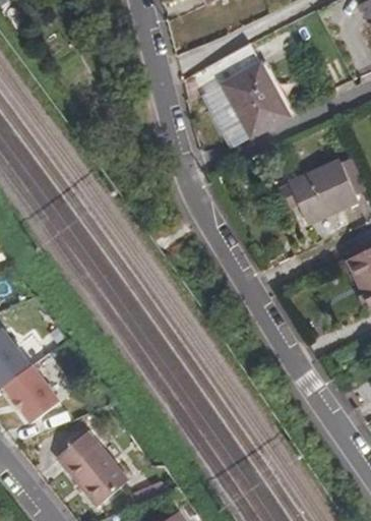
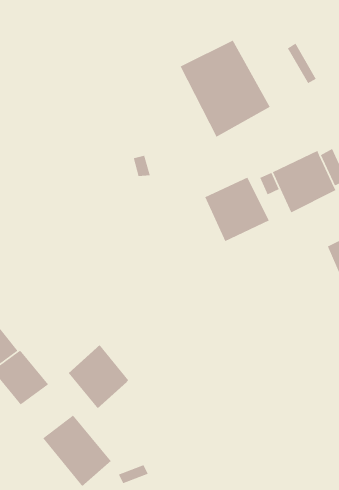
building: none -> [204,177,270,242]
building: none -> [68,344,129,409]

